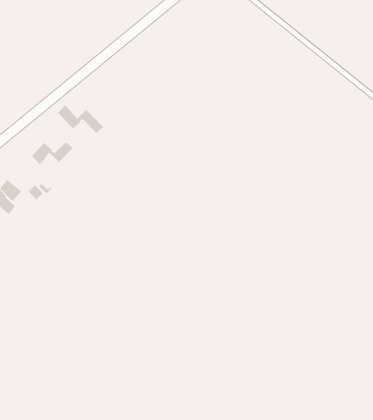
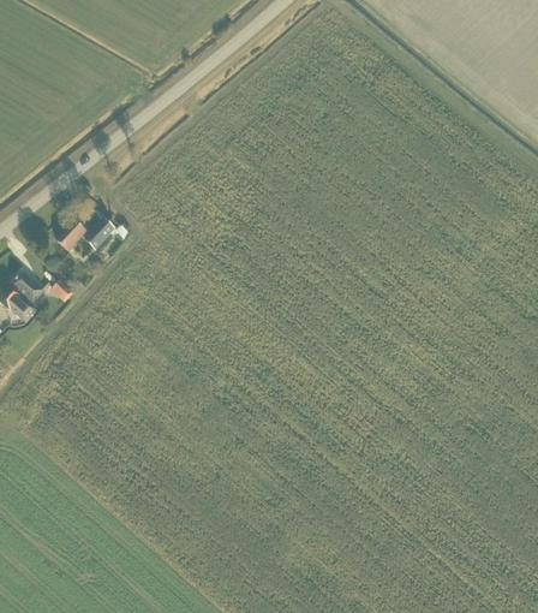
building: [57,105,104,134] -> none

